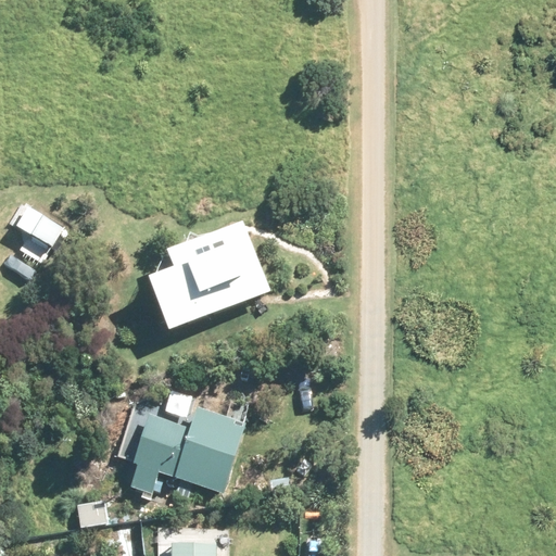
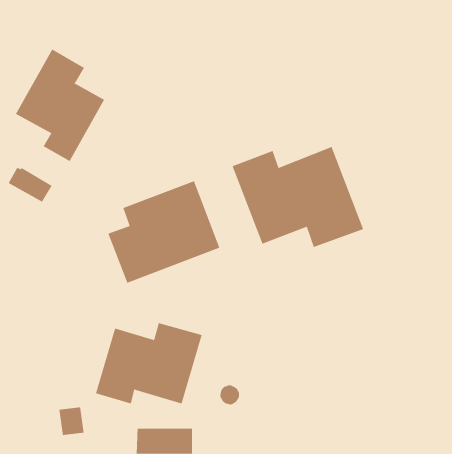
building: none -> [15,48,105,162]
building: none -> [232,146,364,248]

